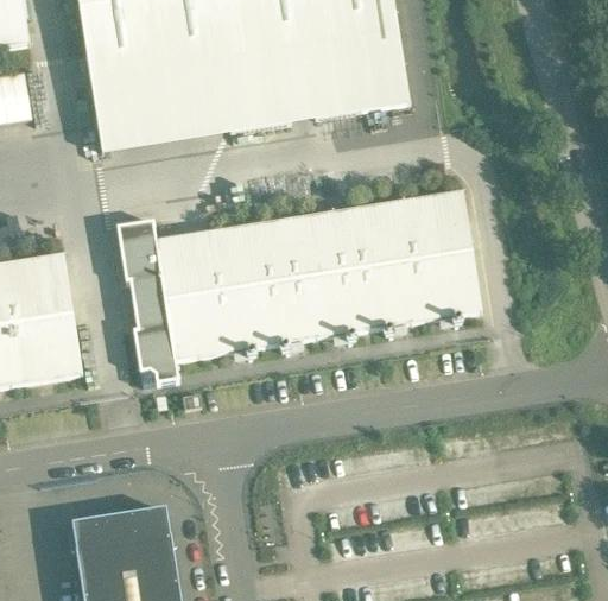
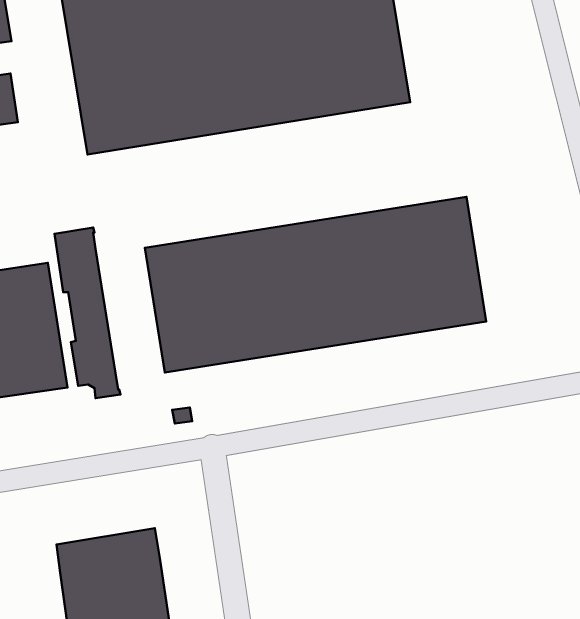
building: [116,220,179,382] -> [54,228,121,398]

